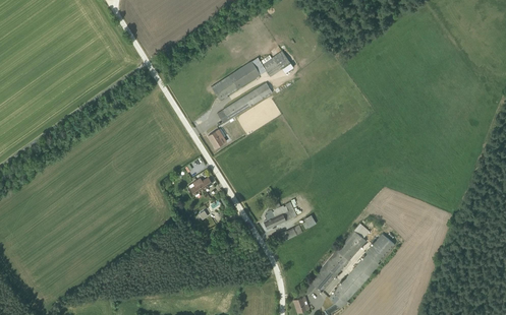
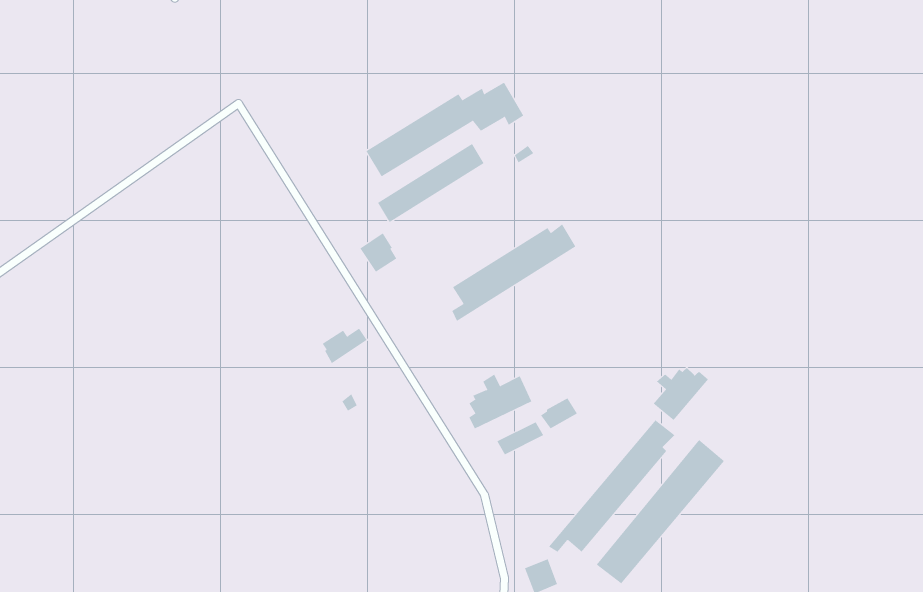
building: none -> [452,223,576,322]
building: none -> [653,367,709,421]

